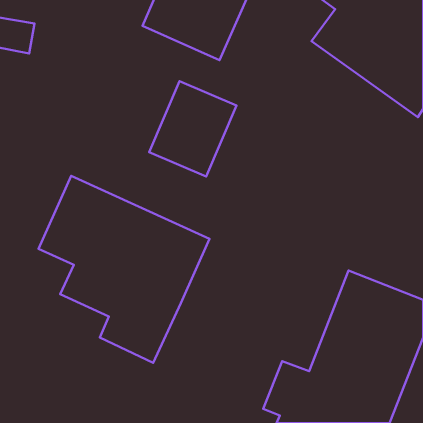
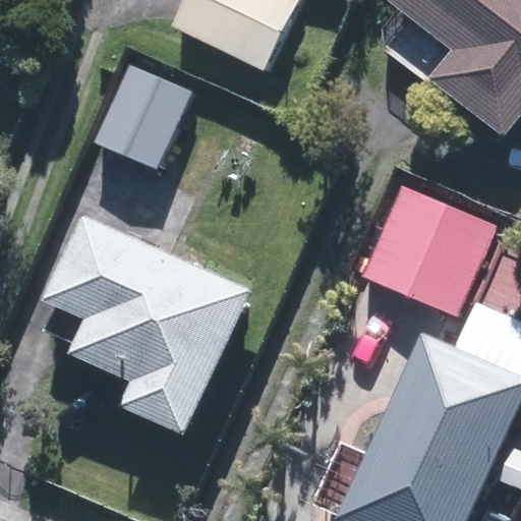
building: [149,81,236,177] -> [93,57,198,173]
building: none -> [356,179,501,319]

